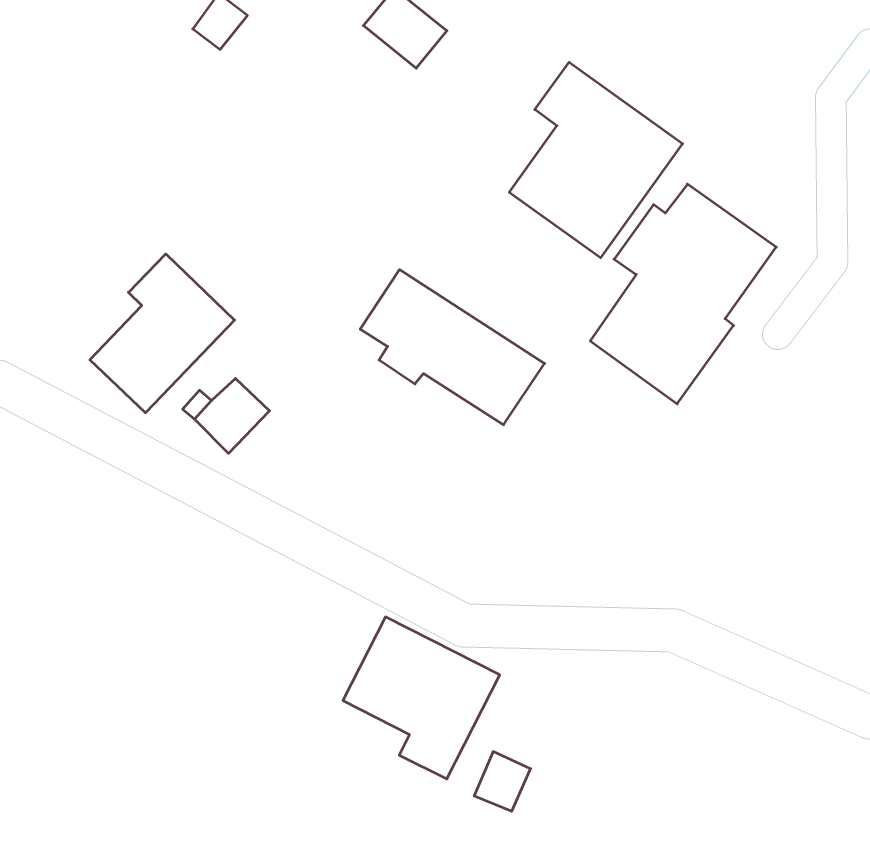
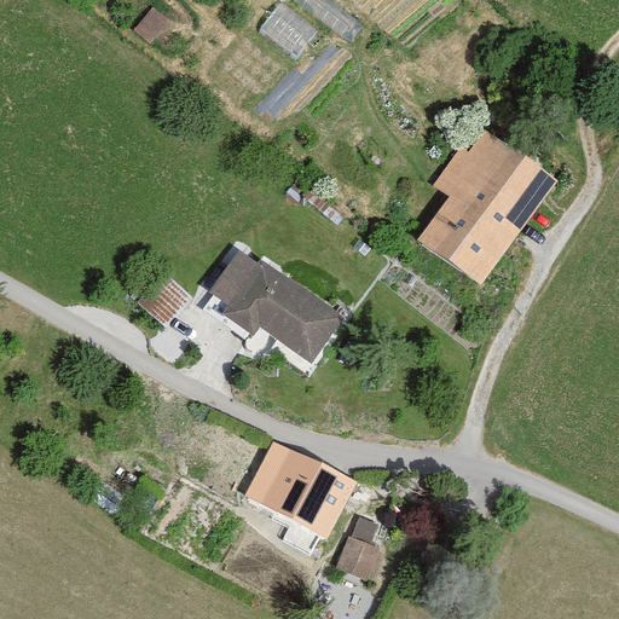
building: [509,62,683,258] -> none
building: [90,254,235,413] -> none
building: [360,270,545,425] -> [210,250,341,360]

